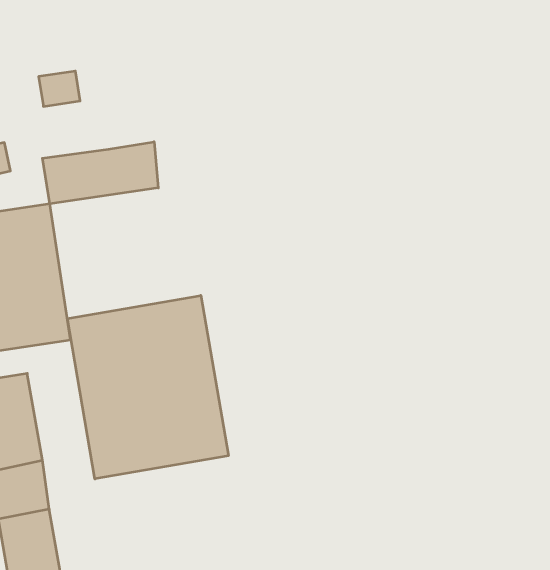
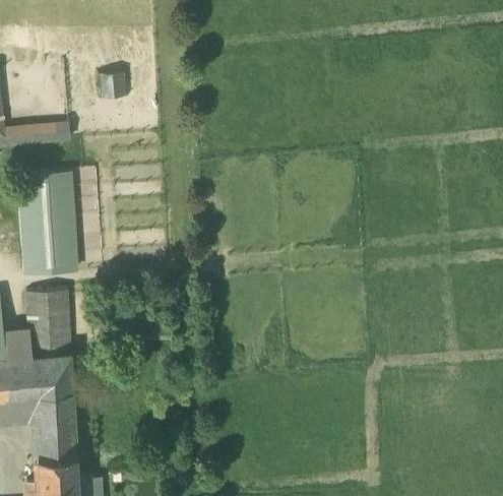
building: [42,142,158,204] -> none
building: [67,295,228,479] -> none

